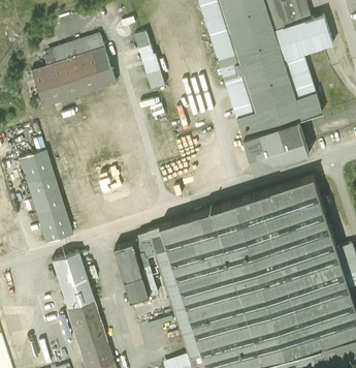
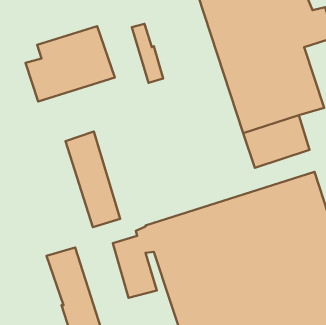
building: [20,153,73,247] -> [66,132,120,227]

